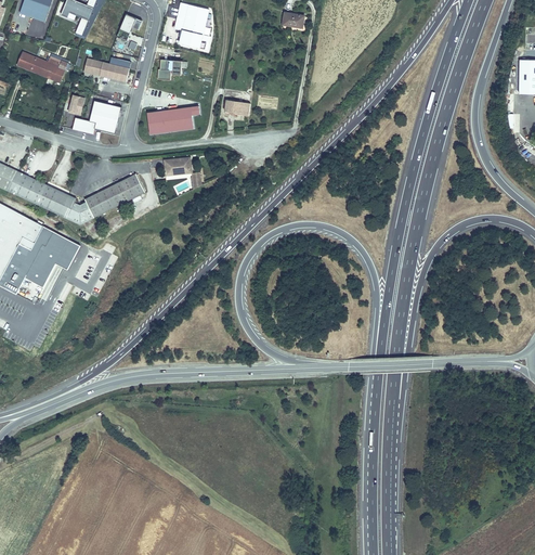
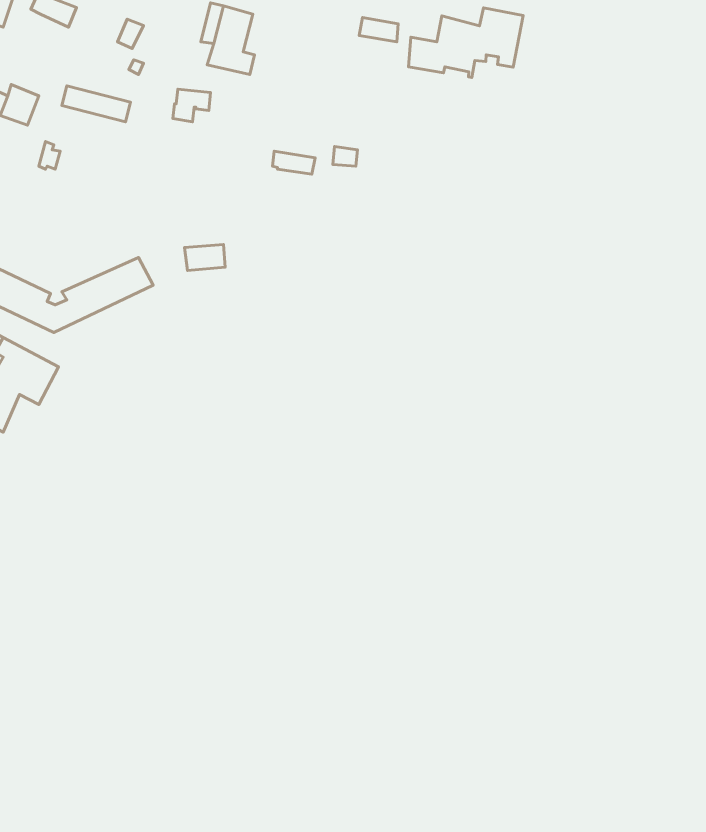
building: none -> [408,8,523,77]
building: [71,100,120,133] -> none
building: [146,108,193,134] -> none

